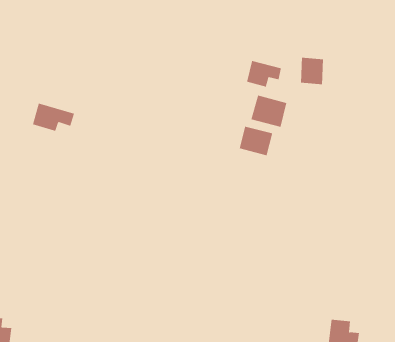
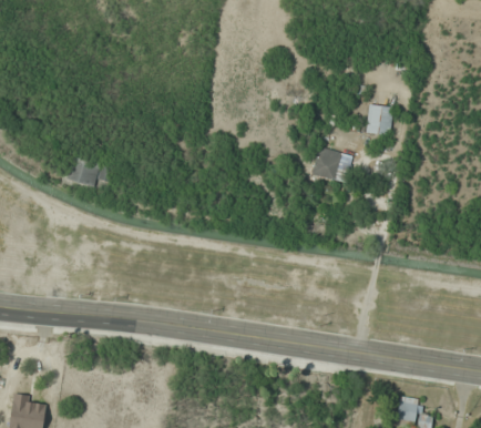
building: [247,60,281,87] -> none
building: [239,126,273,156] -> none

